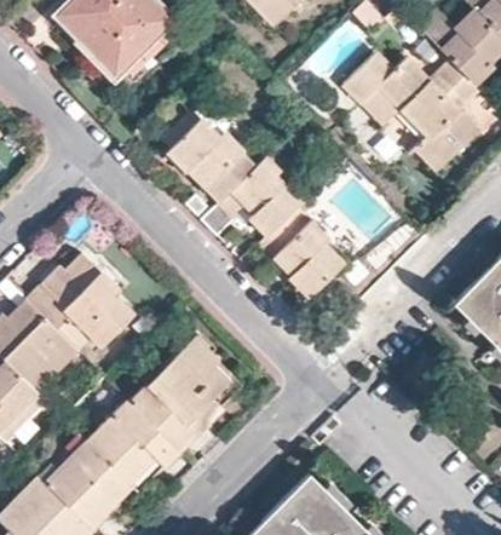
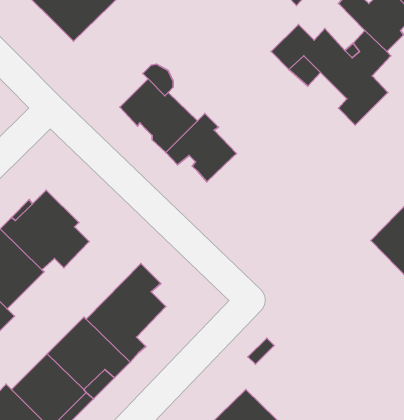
building: [259,212,342,300] -> none
building: [186,357,242,430] -> none

